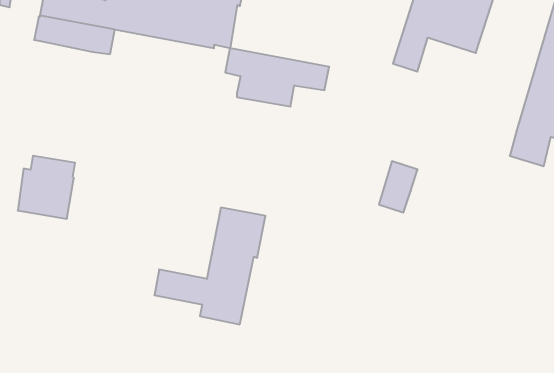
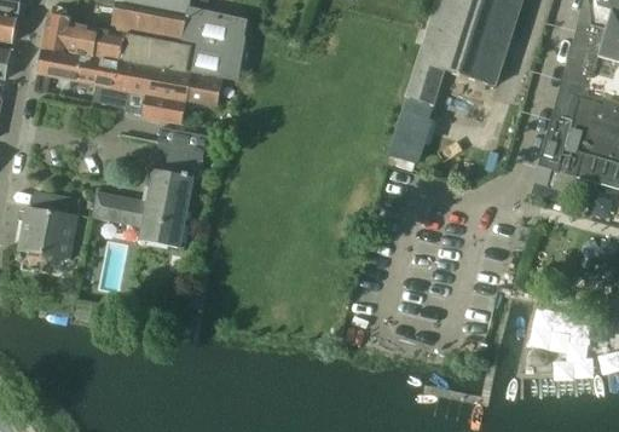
building: [225,48,329,106] -> [115,62,222,122]
building: [379,161,418,213] -> [389,110,429,163]
building: [154,208,265,324] -> [92,127,207,248]

